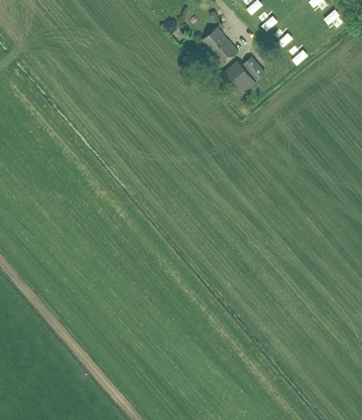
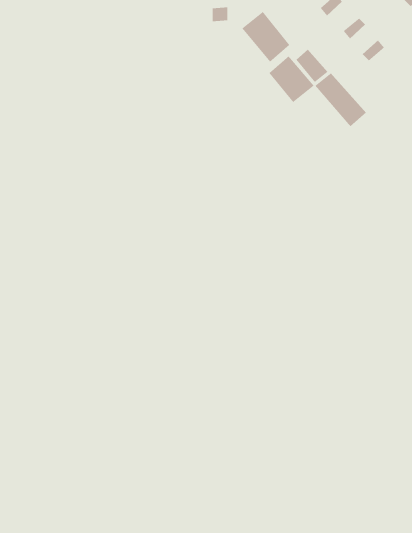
building: none -> [315,72,367,127]

